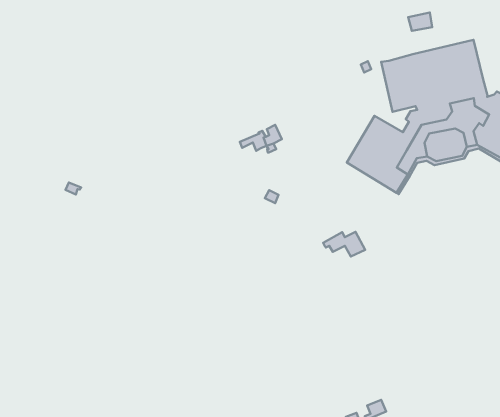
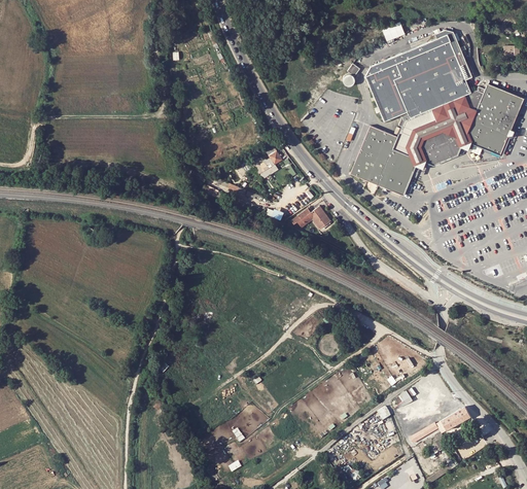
building: none -> [367,32,471,78]
building: [323,232,365,257] -> [294,207,335,231]

